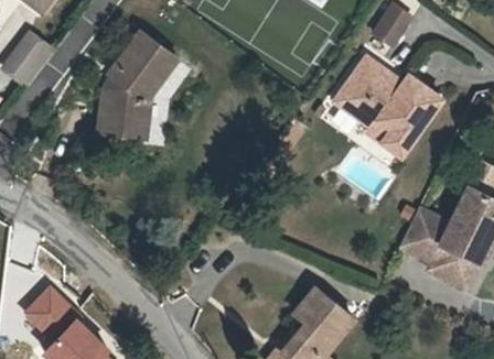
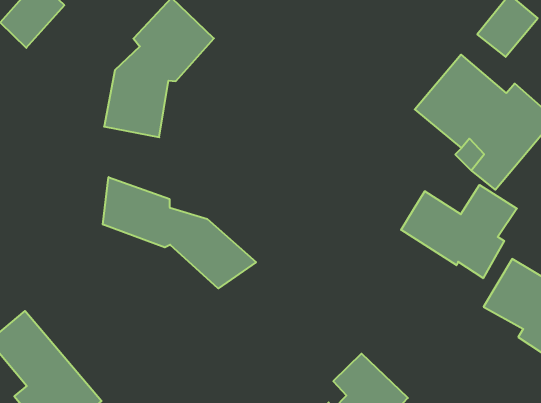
building: none -> [401,185,517,278]
building: none -> [103,177,256,288]

